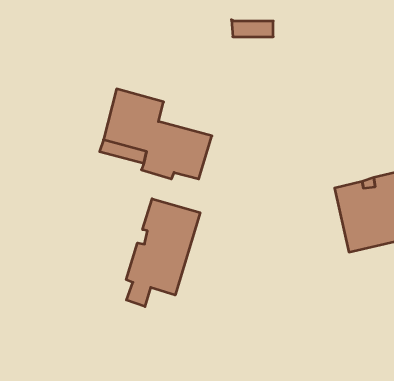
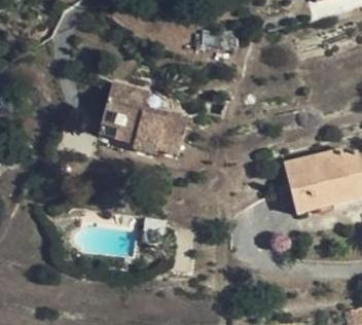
building: [126,199,200,307] -> none

